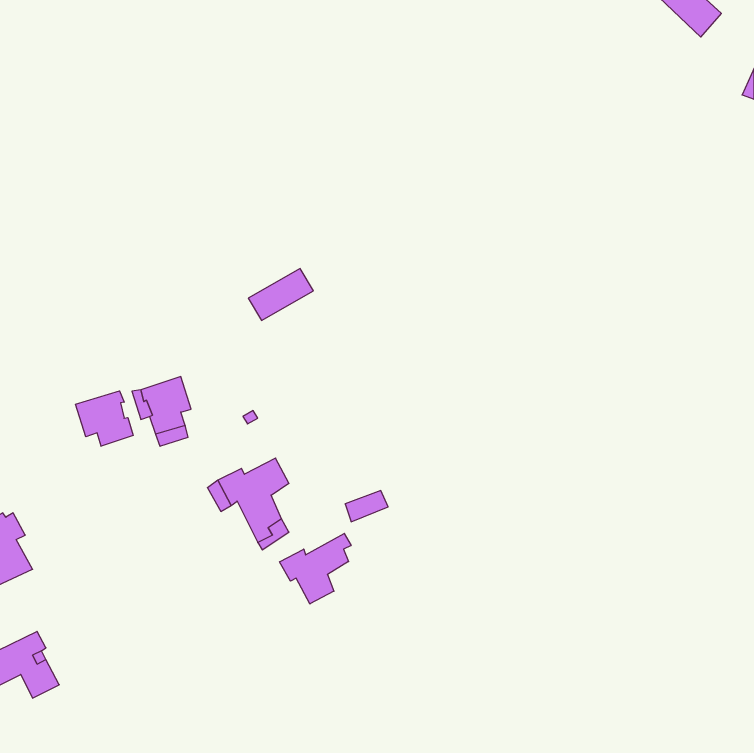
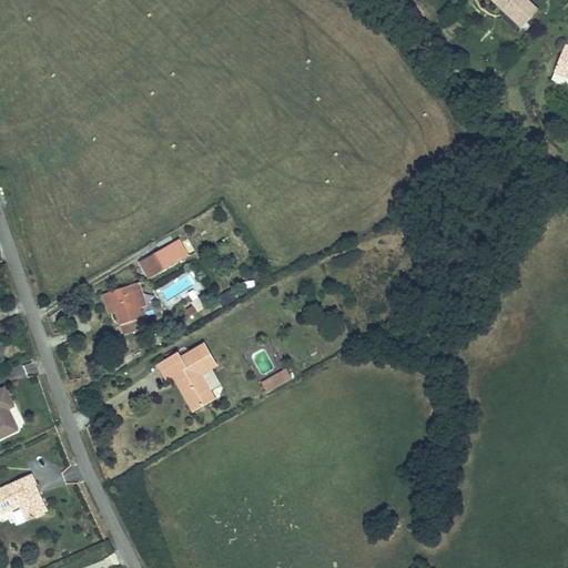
building: [248,269,313,320] -> [135,240,184,278]
building: [76,391,133,446] -> none
building: [280,533,351,604] -> none

